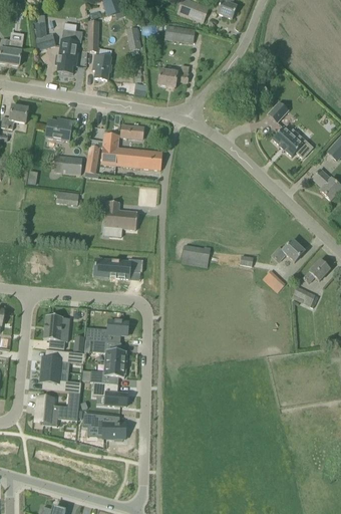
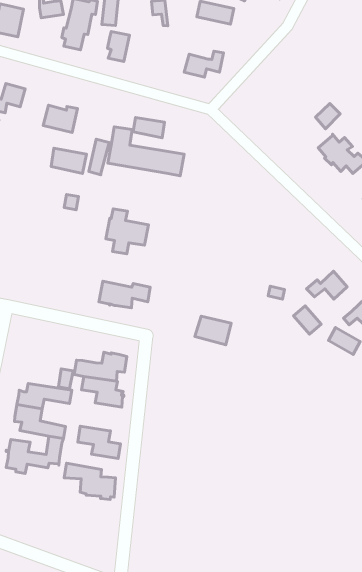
building: [181,244,210,266] -> [195,316,231,345]
building: [43,314,68,348] -> none
building: [90,361,126,383] -> none

